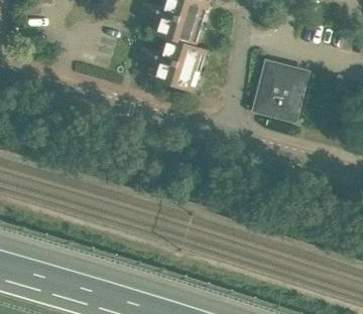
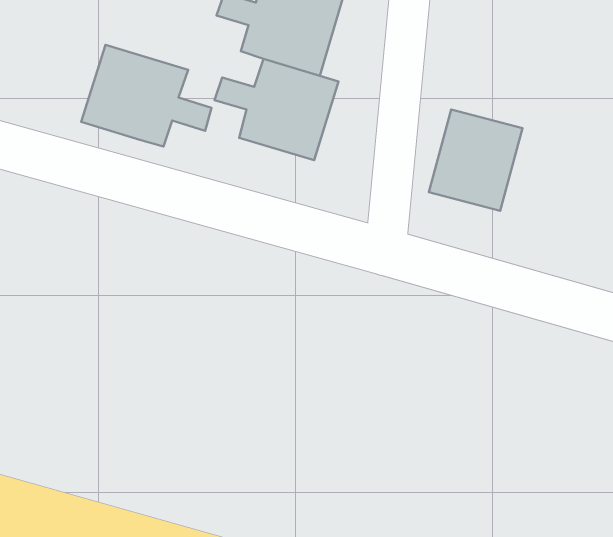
building: none -> [81,45,212,147]

